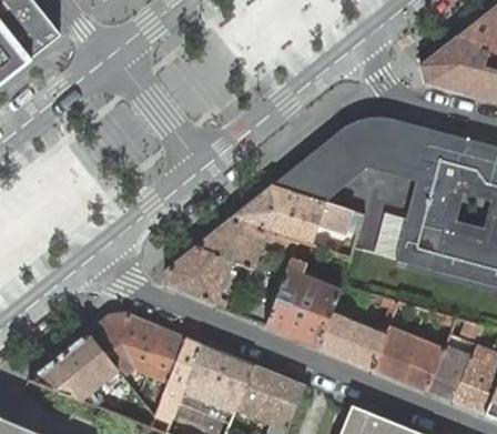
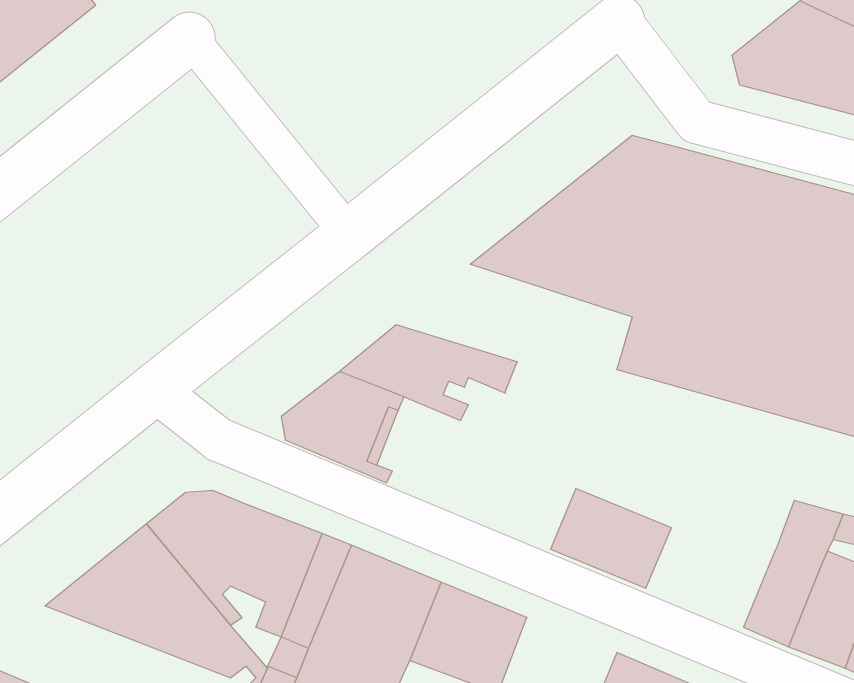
building: [229,184,363,258] -> none
building: [264,269,338,346] -> none
building: [371,315,444,391] -> none

